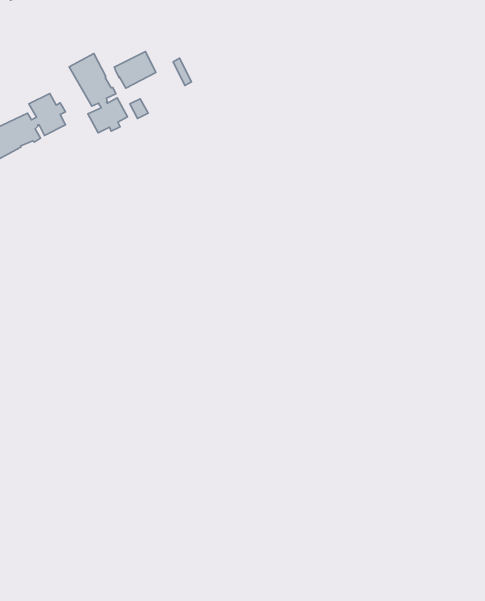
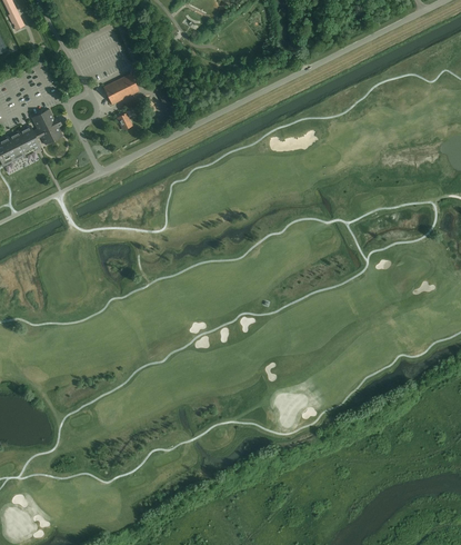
building: [69,54,128,133] -> none

